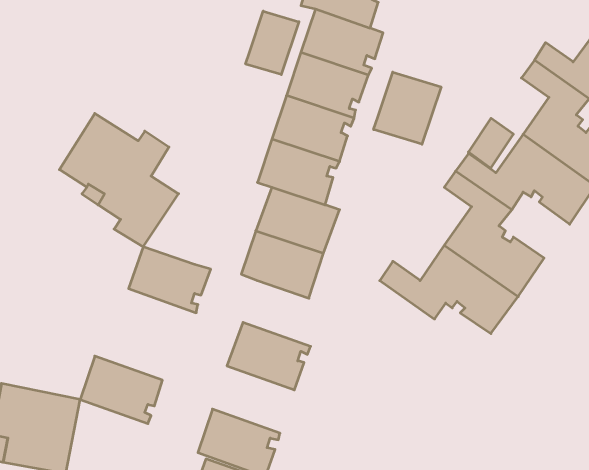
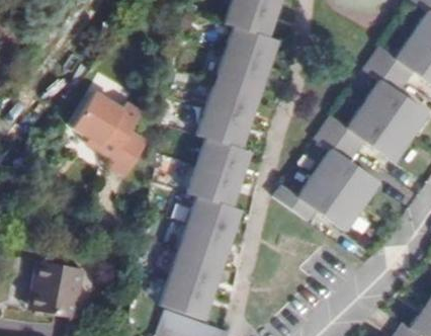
building: [246,11,299,75] -> none
building: [374,72,441,144] -> none
building: [129,247,211,313] -> [188,196,240,238]
building: [80,356,162,424] -> [169,250,221,292]

